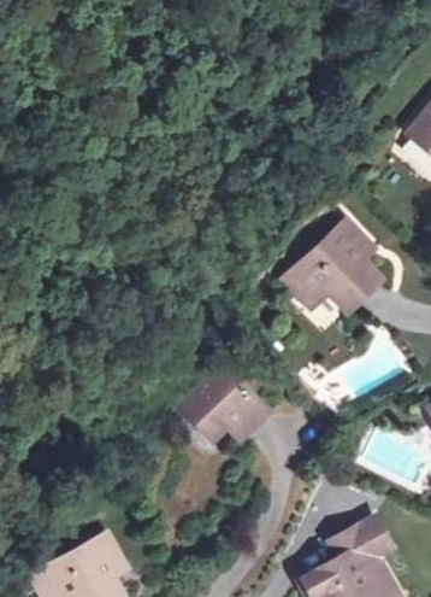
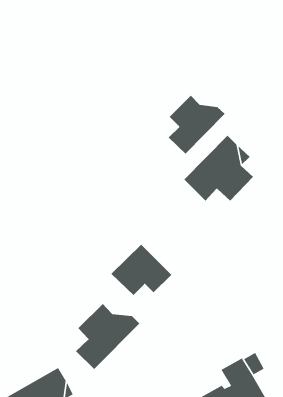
building: none -> [168,95,225,155]
building: none -> [75,303,140,370]

